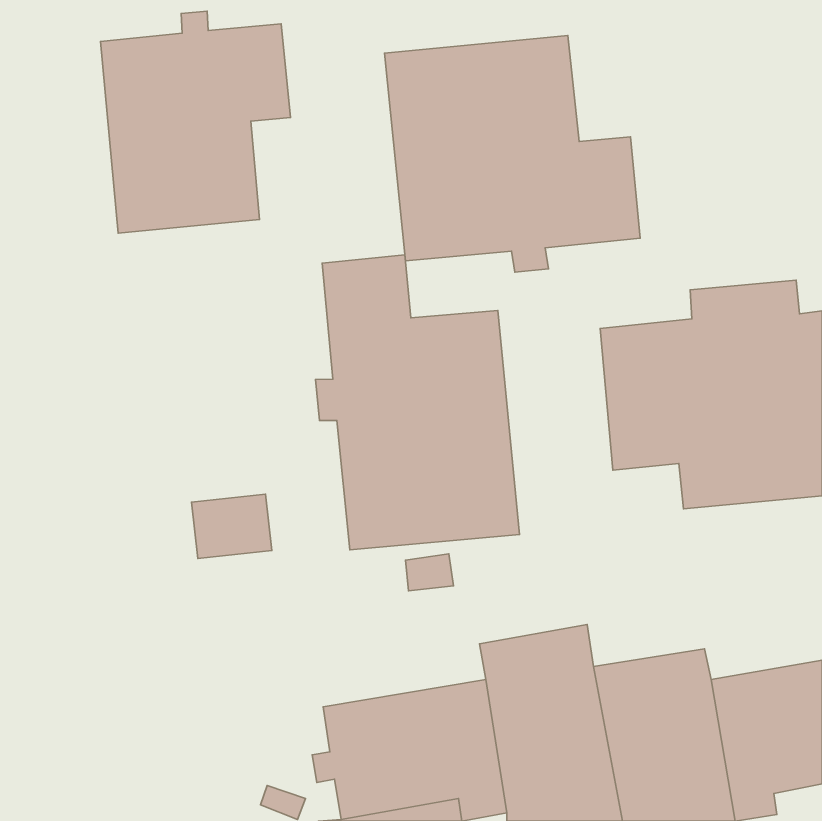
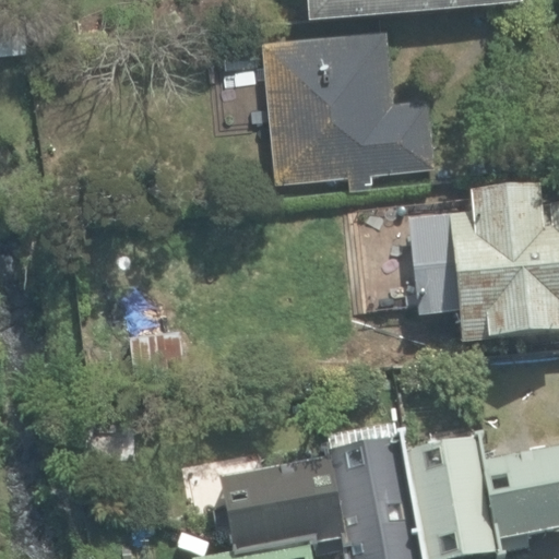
building: [100,11,290,233] -> none
building: [316,255,519,550] -> none

